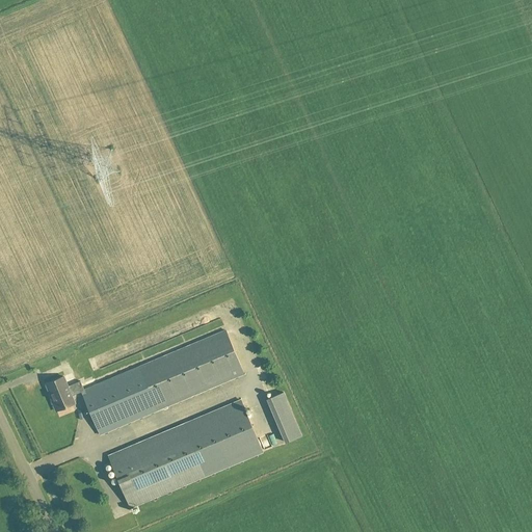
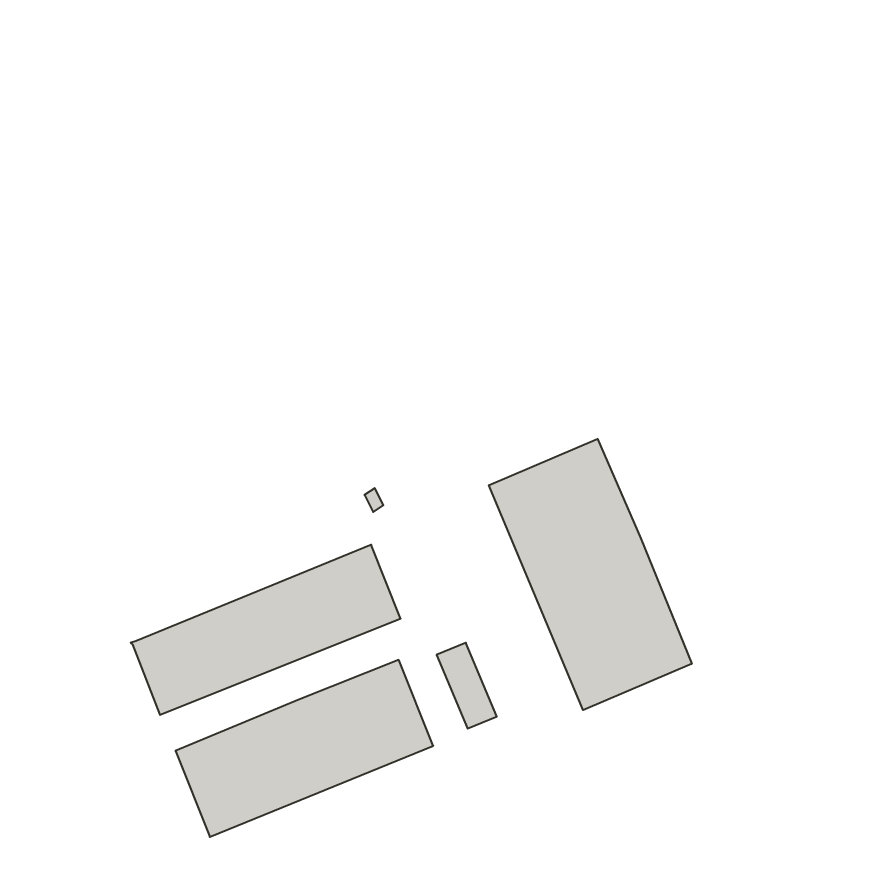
building: none -> [489,439,692,710]
building: [44,374,82,408] -> none

